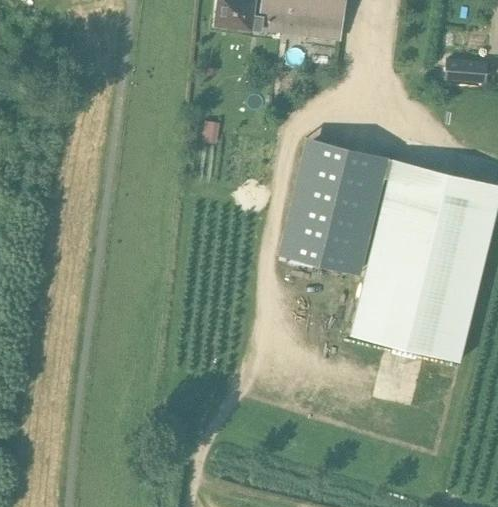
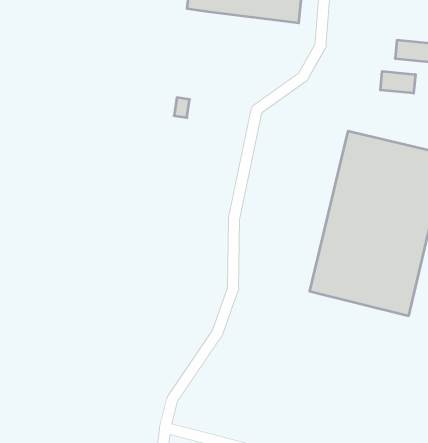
building: none -> [380,71,415,93]
building: [278,138,390,276] -> none

